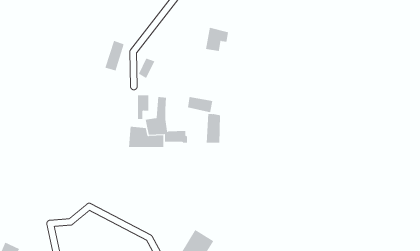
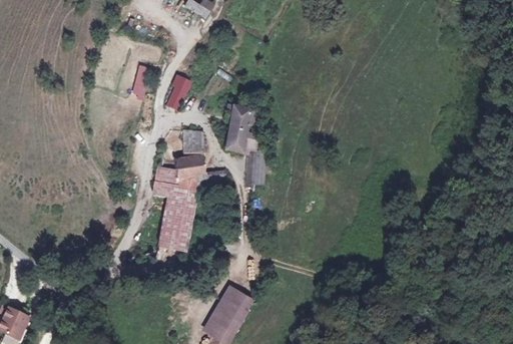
building: [205,27,229,52] -> [225,105,253,134]
building: none -> [153,192,196,245]

